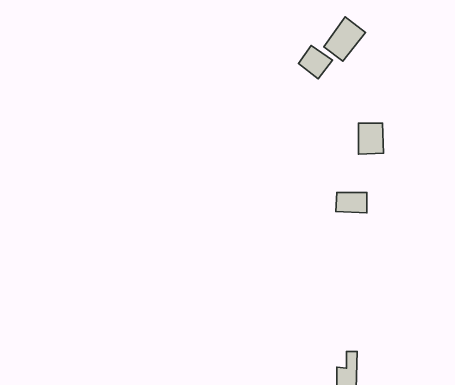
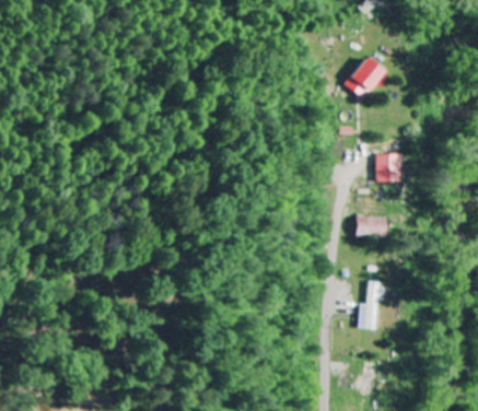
building: [298,46,333,79] -> none
building: none -> [360,283,385,329]

